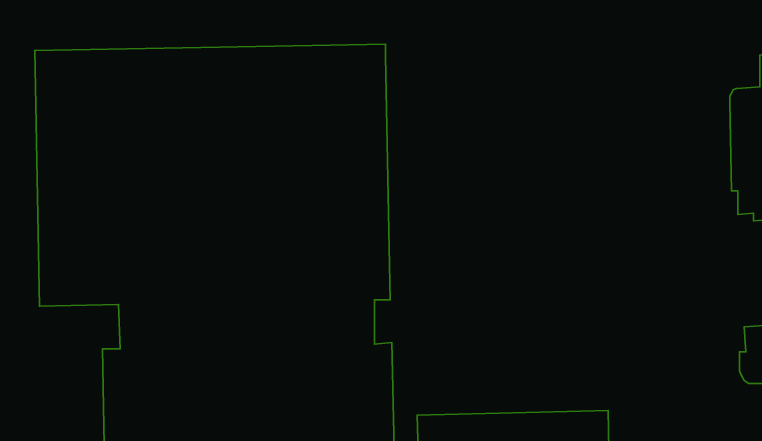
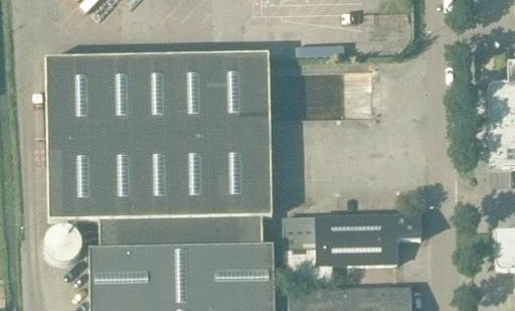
building: none -> [284,213,421,281]

